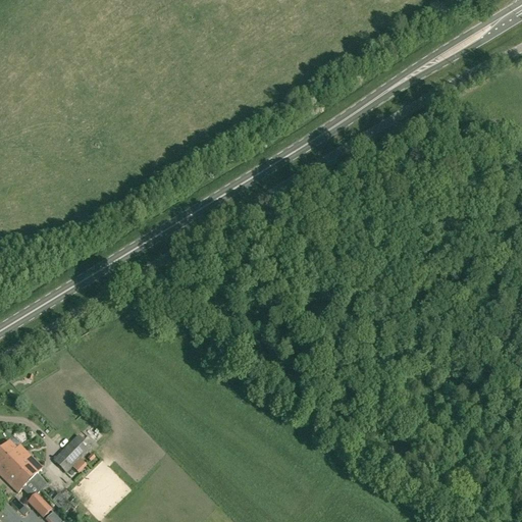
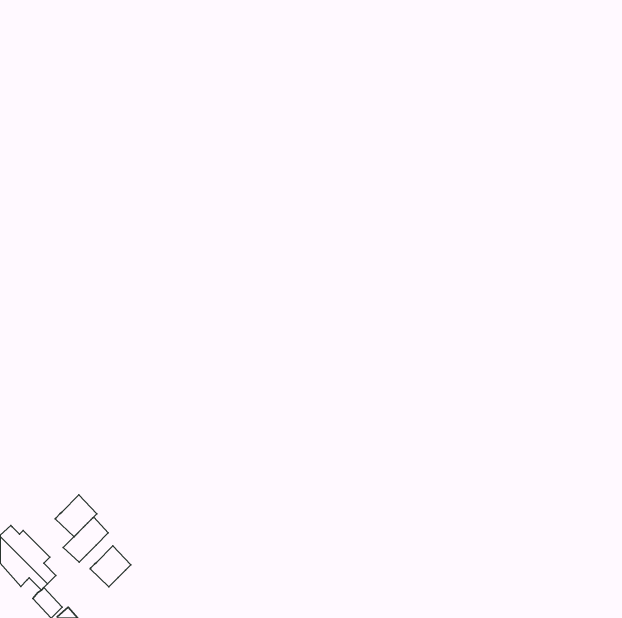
building: none -> [55,495,97,537]
building: none -> [90,546,131,587]

